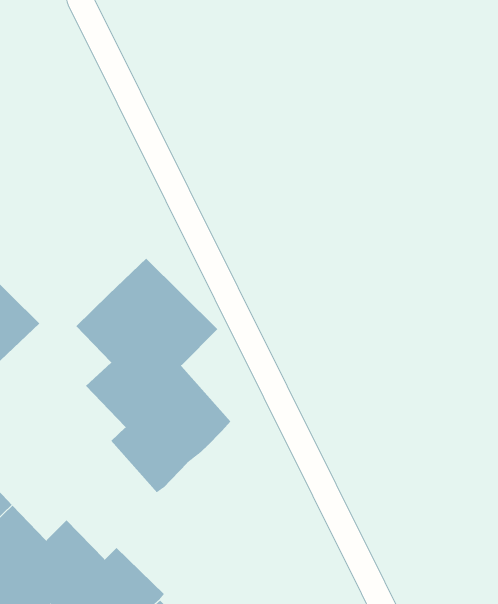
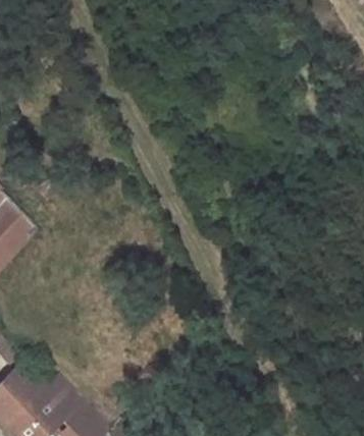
building: [75,258,231,493] -> none

